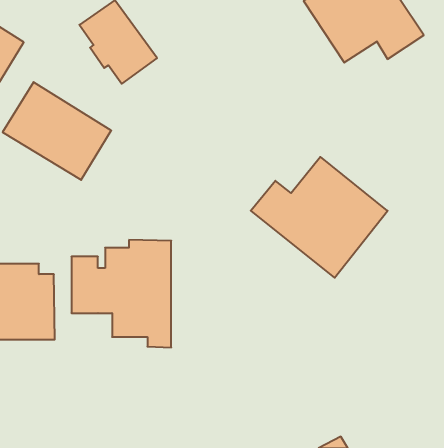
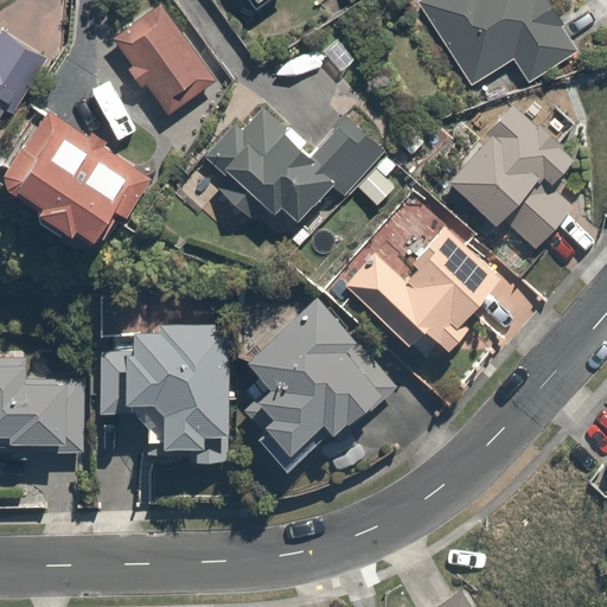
building: none -> [196,102,377,225]
building: none -> [447,106,577,244]
building: none -> [253,300,398,458]

